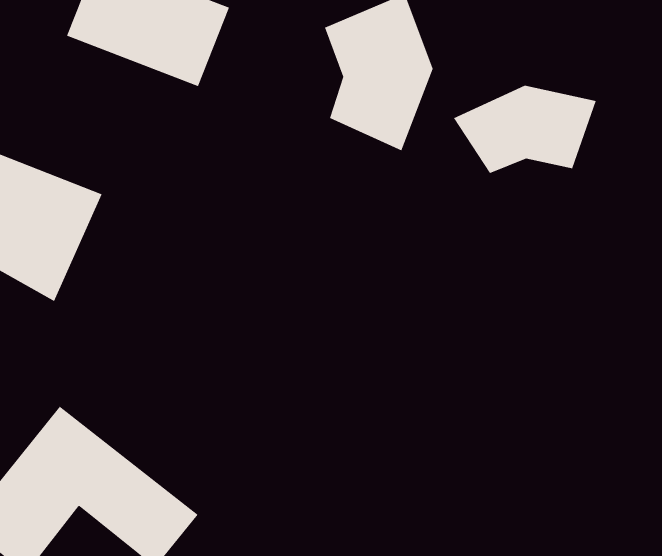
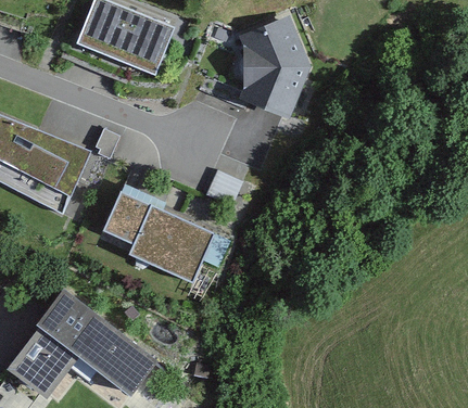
building: [453,85,596,174] -> none
building: none -> [99,183,235,277]

